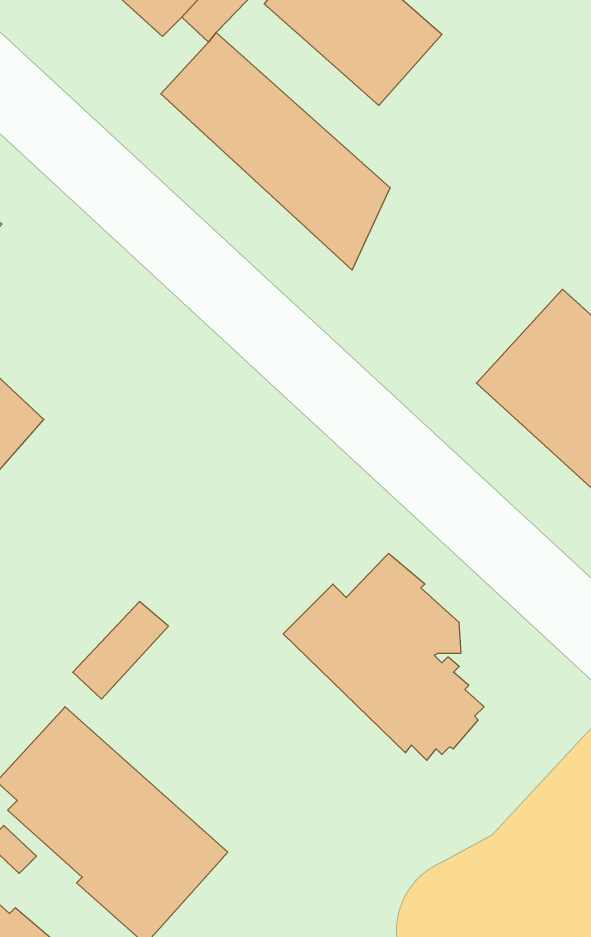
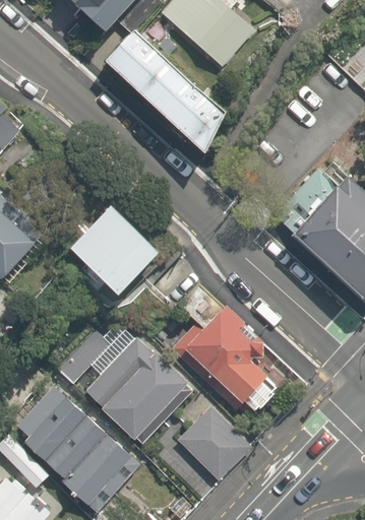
building: none -> [64,199,167,301]
building: none -> [85,336,187,440]
building: none -> [176,405,251,481]

